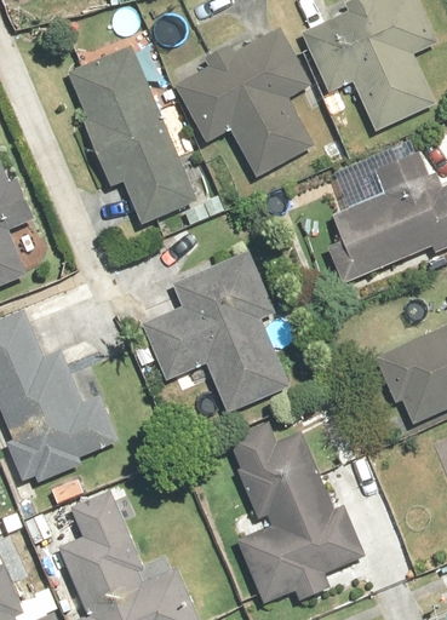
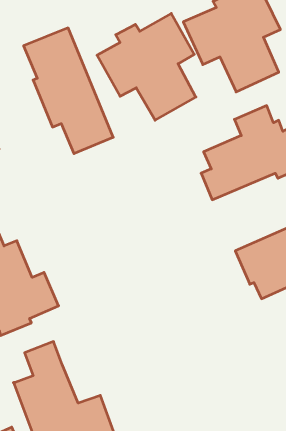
building: [144,248,291,411] -> none
building: [225,425,361,607] -> none

